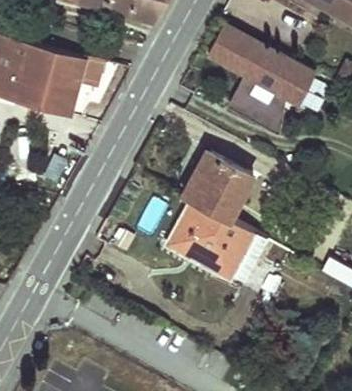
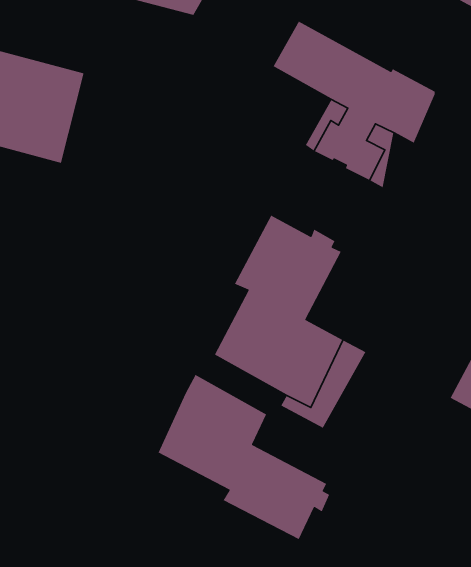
building: none -> [158,374,330,540]

